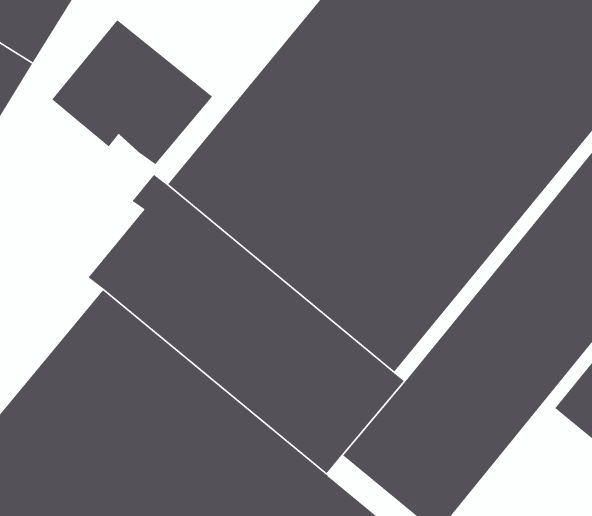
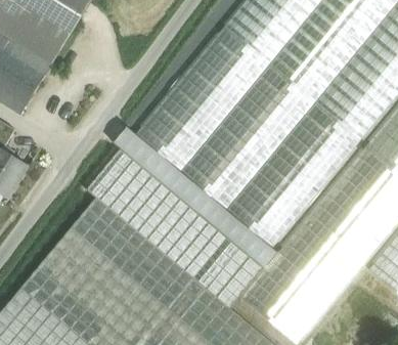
building: [51,19,213,165] -> none

